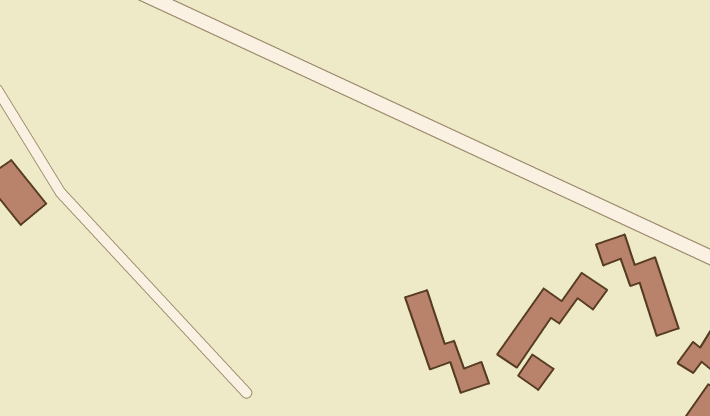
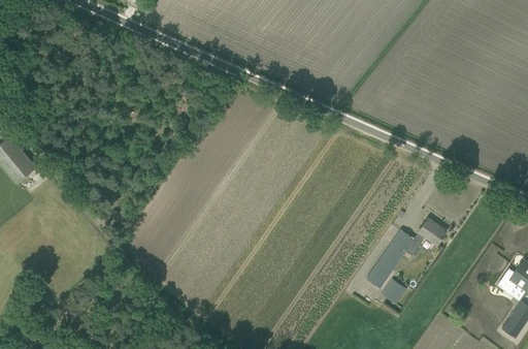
building: [596,234,679,336] -> none
building: [405,290,489,393] -> none

